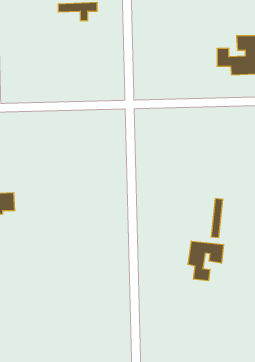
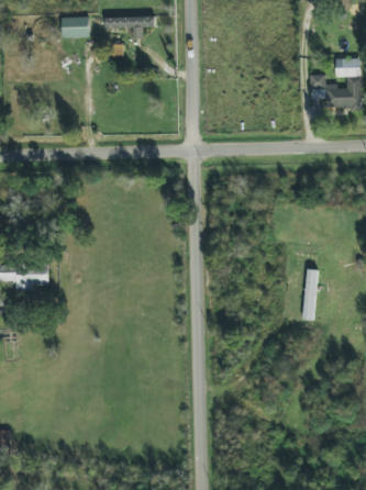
building: none -> [62,16,89,37]
building: [188,241,223,281] -> none

